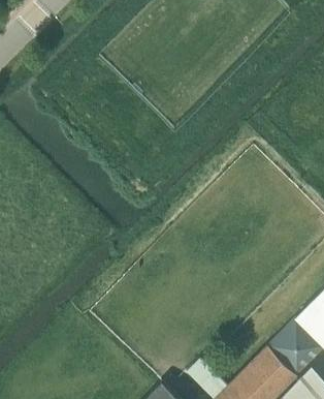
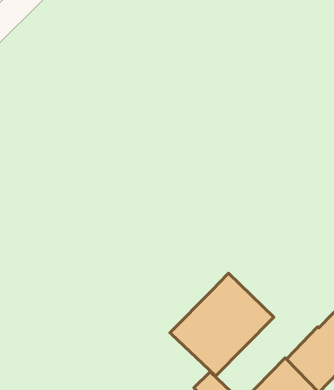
building: none -> [170,273,274,377]

